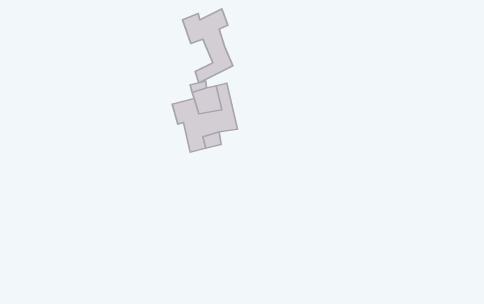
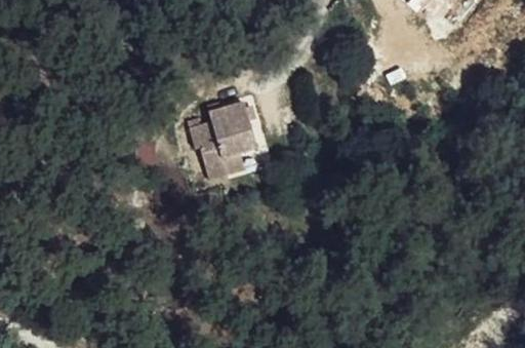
building: [183,9,233,83] -> none

